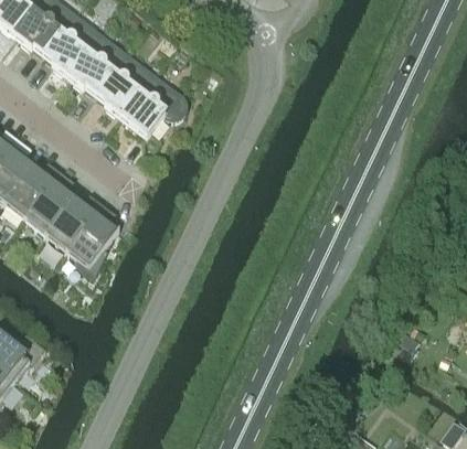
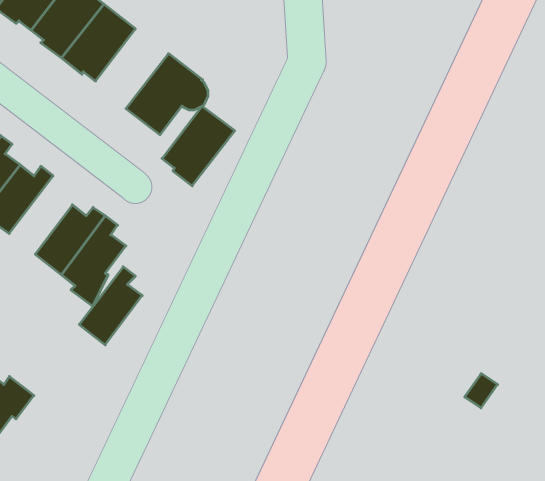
building: [94,55,152,119] -> [162,106,235,186]
building: [24,173,75,236] -> [79,267,142,345]

